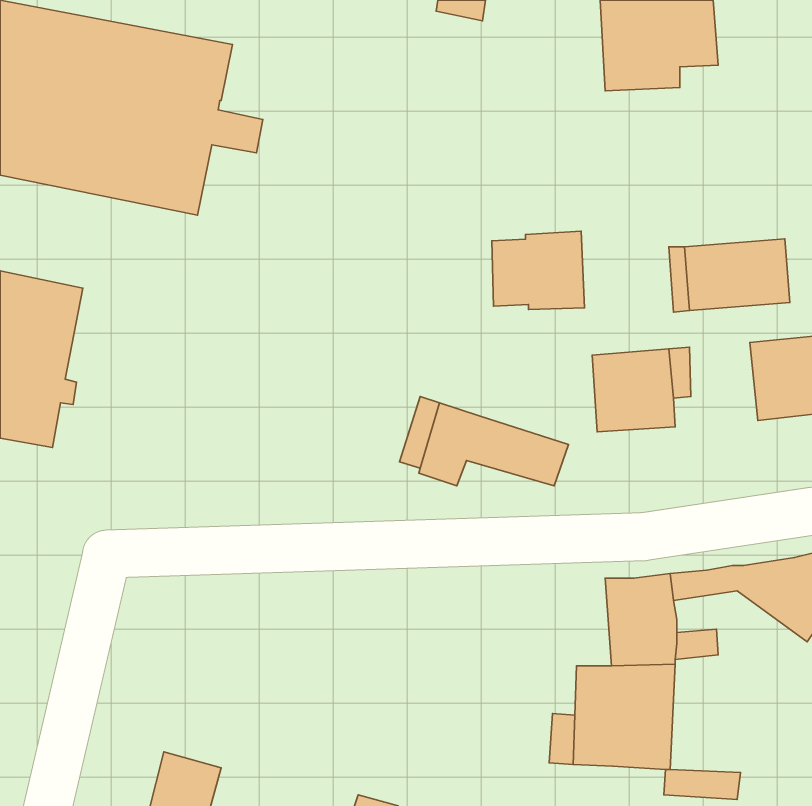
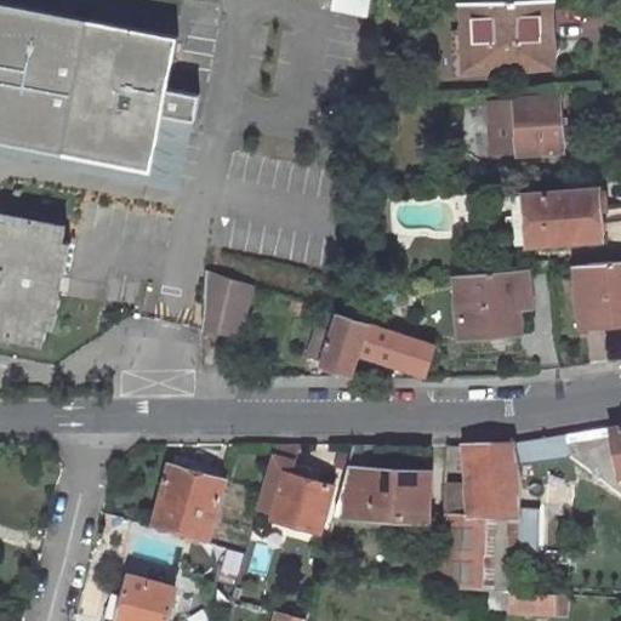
building: [492,231,584,309] -> [490,106,560,165]
building: none -> [203,272,246,331]
building: none -> [332,448,429,522]
building: none -> [152,465,220,537]
building: none -> [253,471,331,534]

